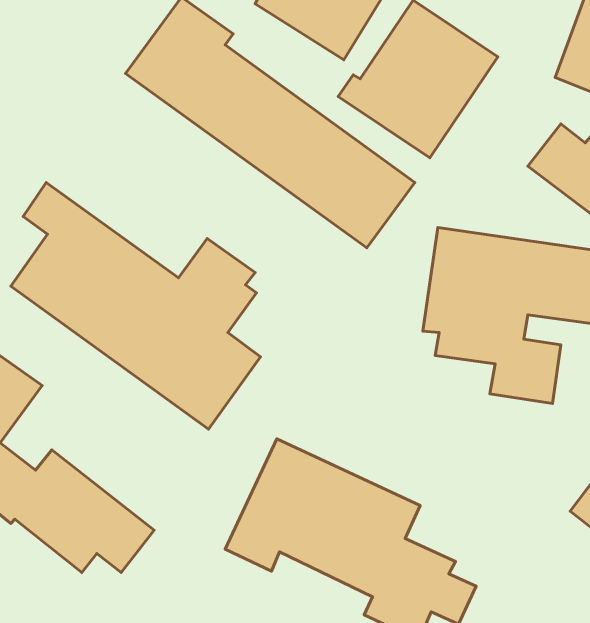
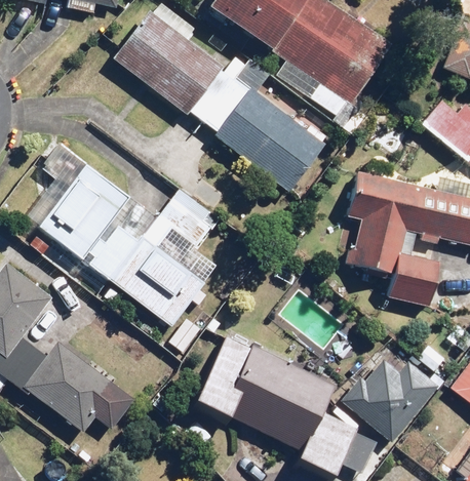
building: none -> [342,346,447,442]

